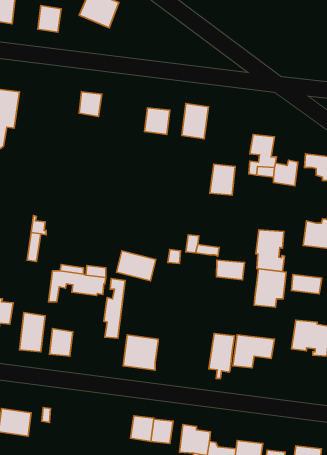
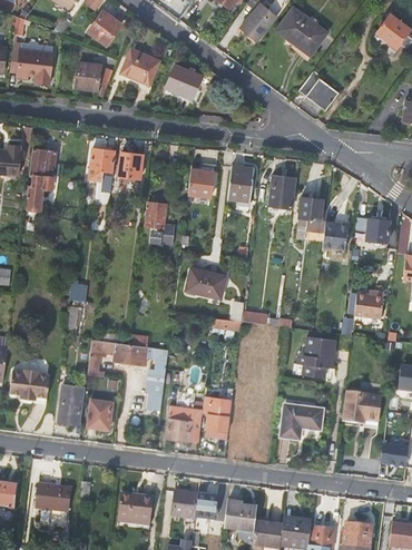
building: none -> [165,65,202,102]
building: none -> [300,68,340,108]
building: none -> [89,148,115,190]
building: none -> [144,202,174,244]
building: [210,164,235,195] -> [267,176,294,208]
building: [256,230,285,272] -> none
building: [116,251,156,281] -> [185,268,226,299]
building: [216,260,244,280] -> none
building: [291,275,322,294] -> none
building: [209,334,234,378] -> [205,399,232,445]
building: none -> [117,492,153,526]

